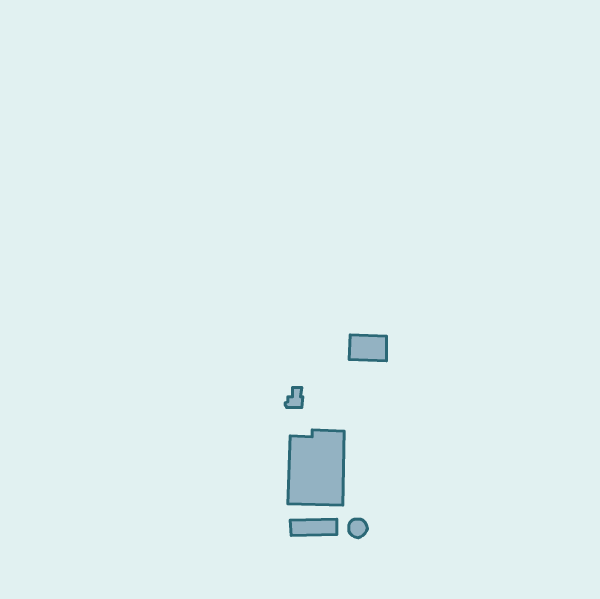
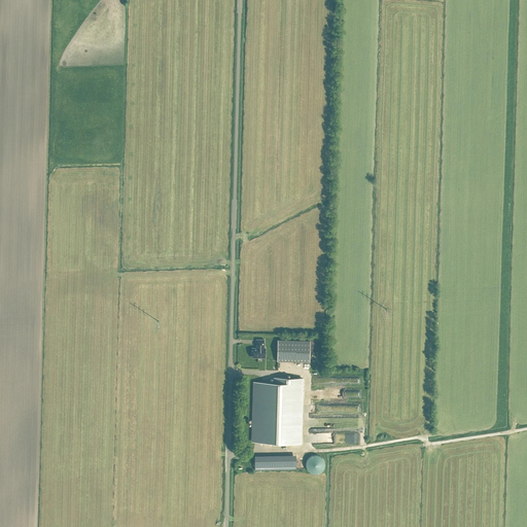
building: [349,335,387,361] -> [277,341,310,363]

